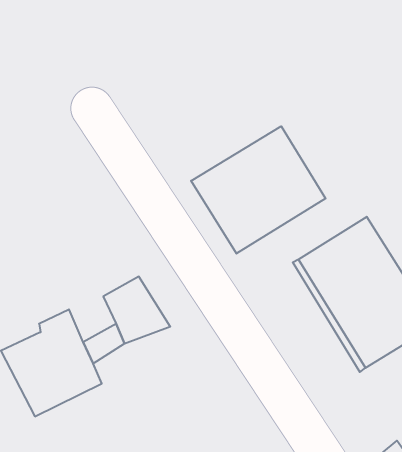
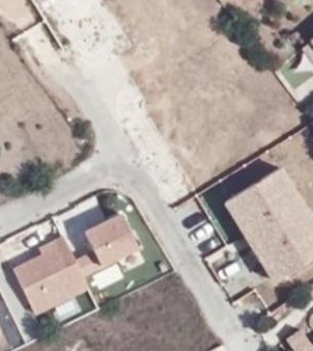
building: [191,126,326,254] -> none

